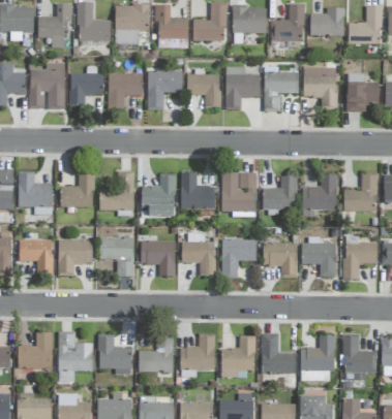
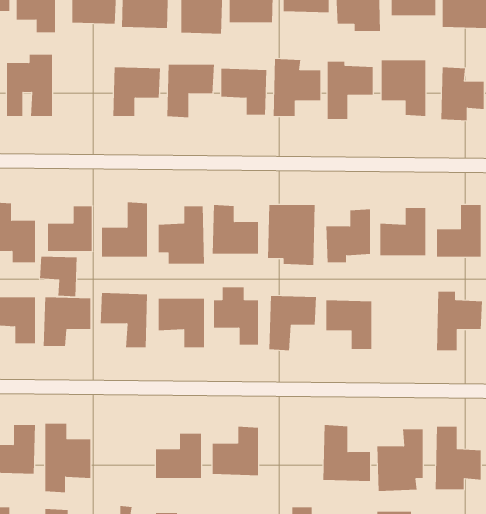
building: [69,65,103,106] -> none
building: none -> [40,256,77,297]
building: [303,236,335,277] -> none
building: [98,333,131,374] -> none
building: [220,335,254,377] -> none

